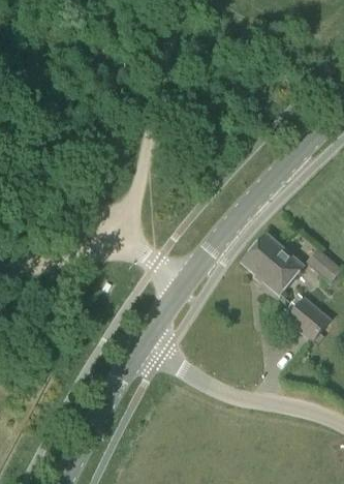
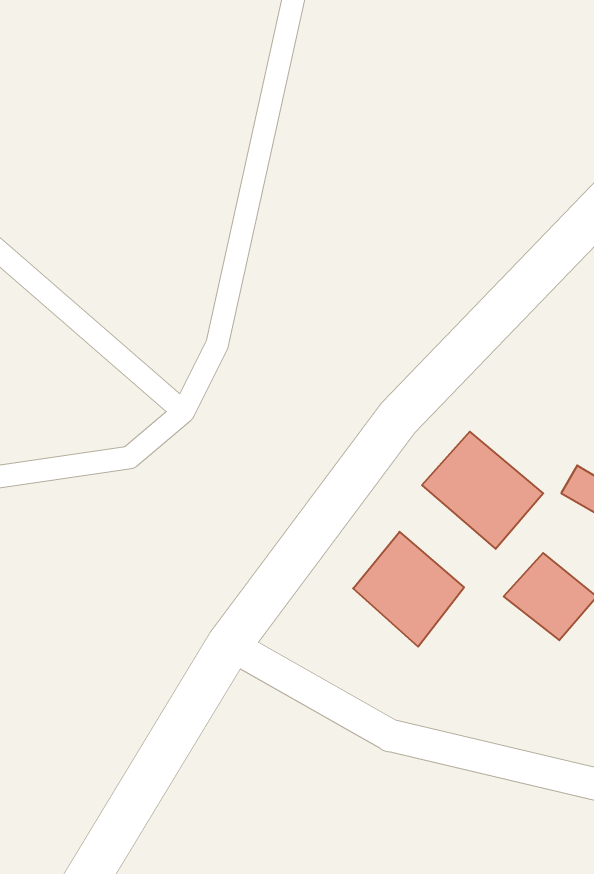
building: none -> [353,532,464,647]

